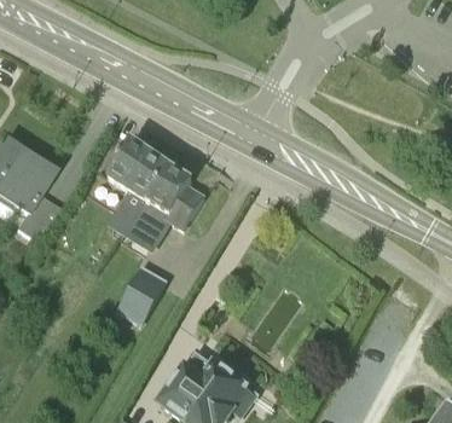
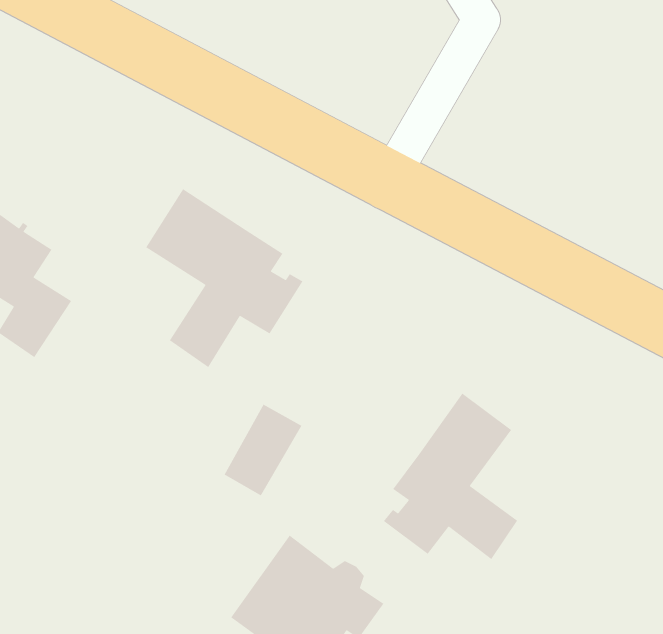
building: none -> [383,393,518,560]
building: [117,266,166,323] -> [223,404,303,497]

